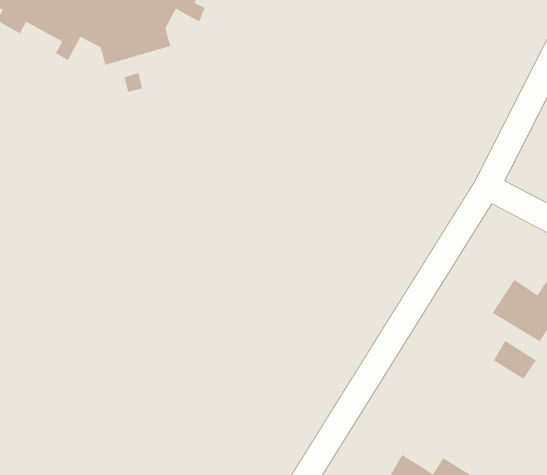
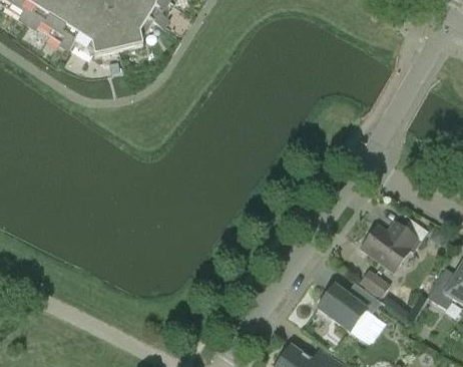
building: none -> [318,285,381,338]

